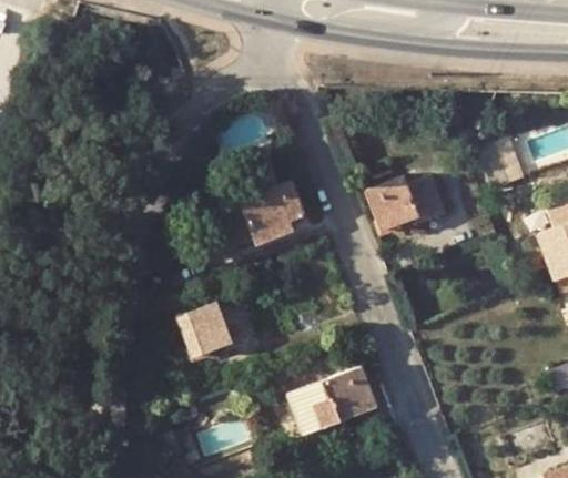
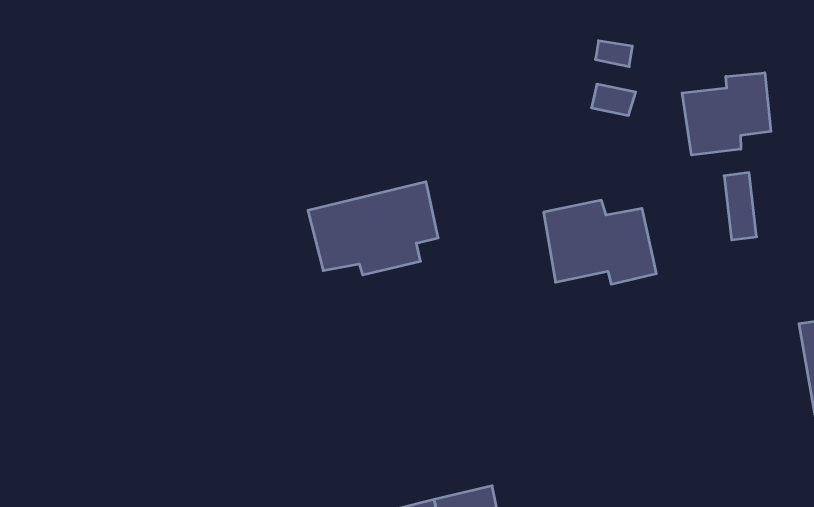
building: none -> [682,73,771,155]
building: [178,302,258,359] -> none

